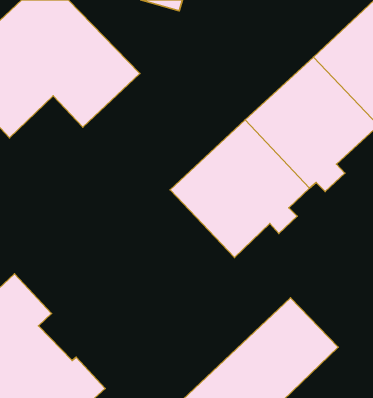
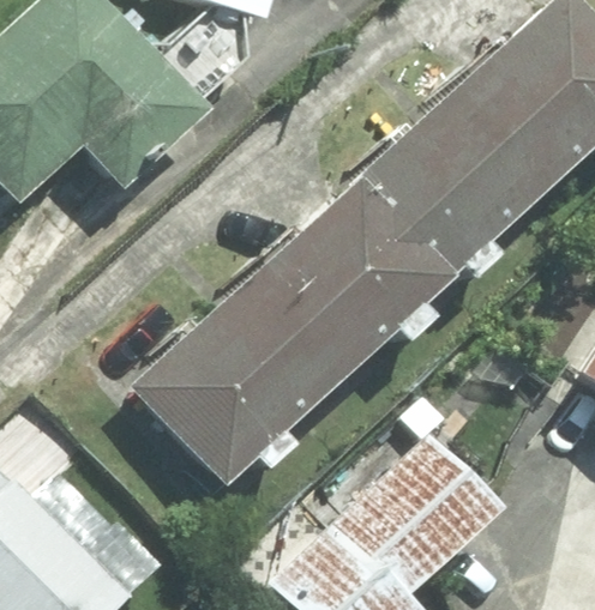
building: none -> [136,277,347,483]

